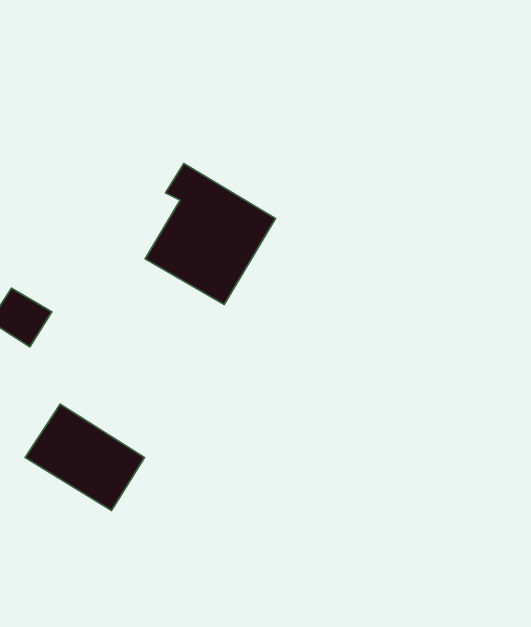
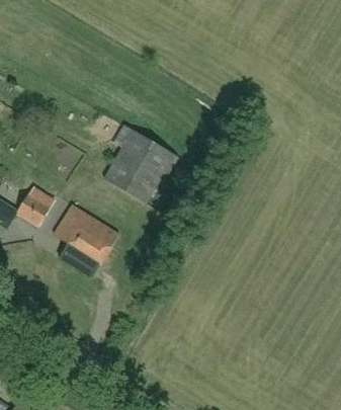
building: [25,404,145,511] -> [53,204,118,263]

